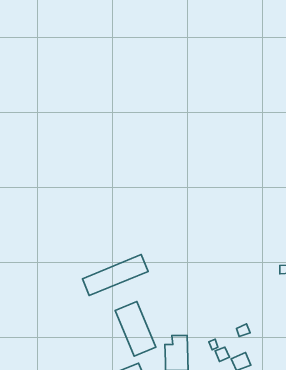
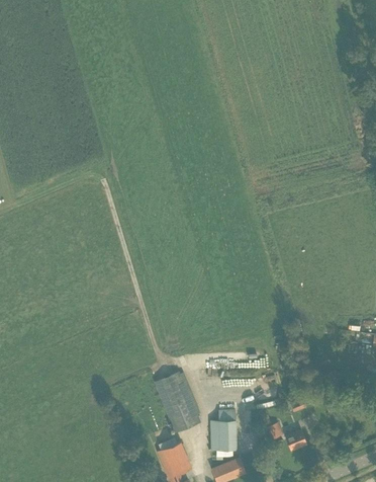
building: [82,255,148,296] -> none

